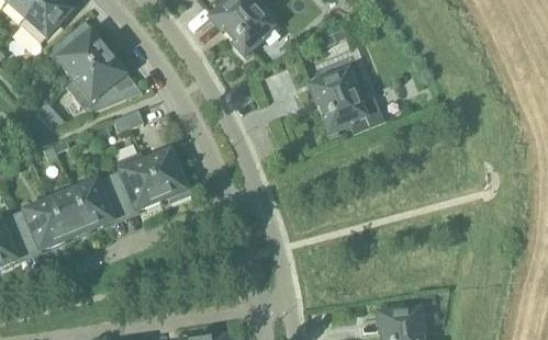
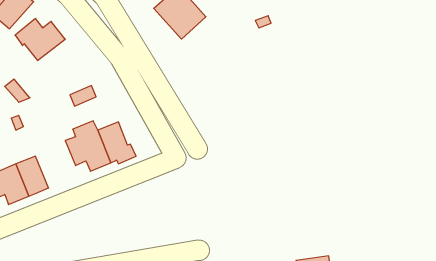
building: [75,54,126,112] -> none
building: [311,71,382,132] -> none
building: [72,173,120,229] -> none

